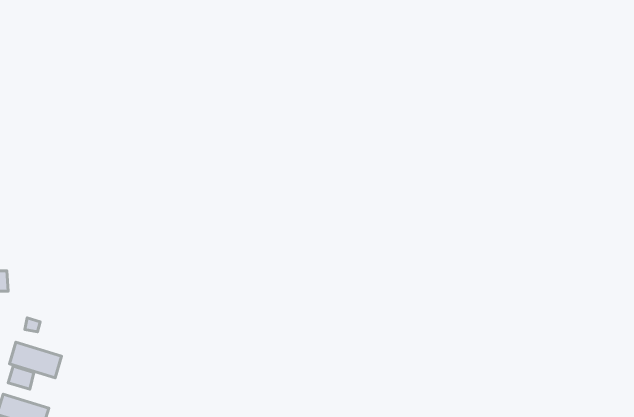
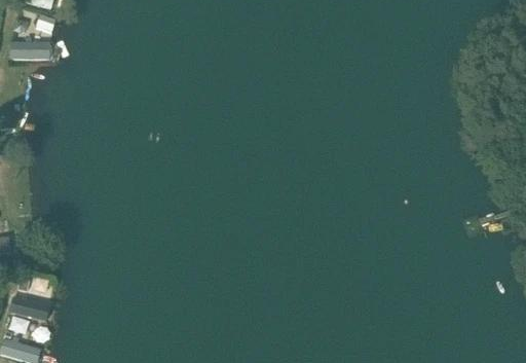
building: none -> [9,40,50,58]

